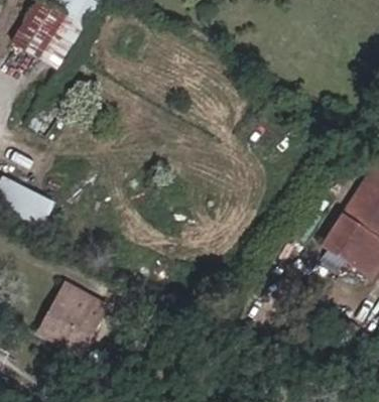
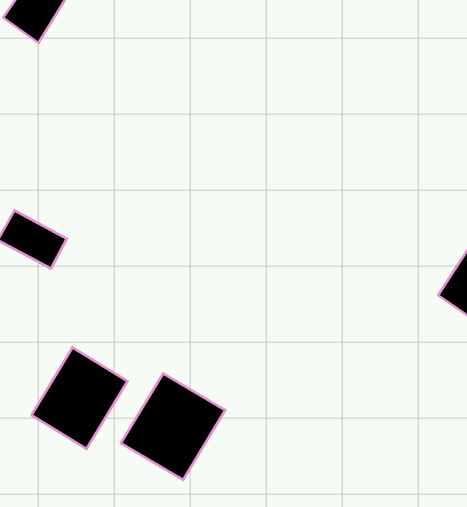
building: none -> [121,373,225,480]

